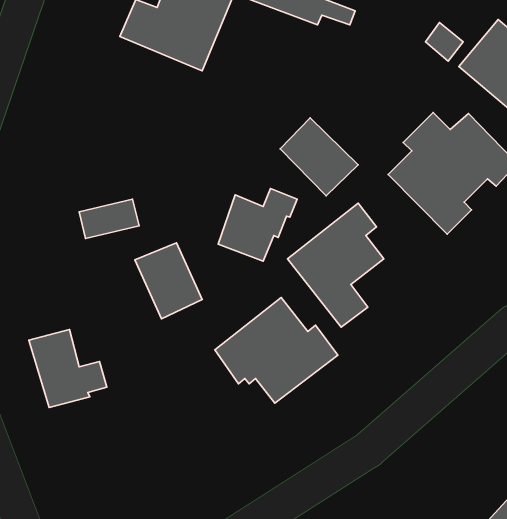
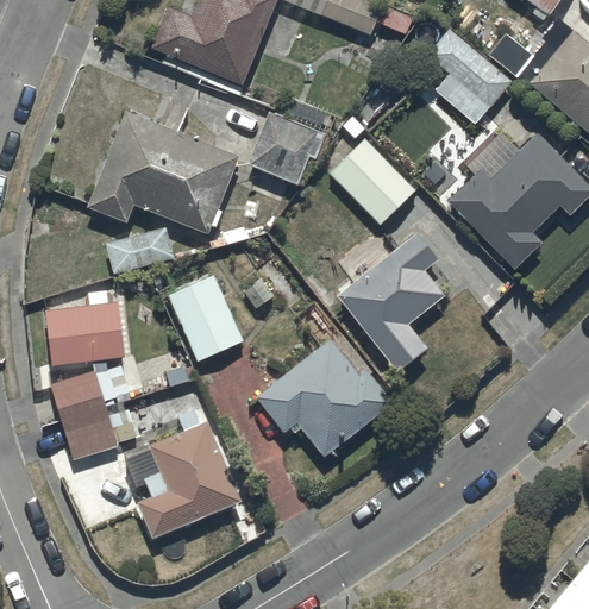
building: none -> [426,30,512,123]
building: none -> [87,111,239,232]
building: [218,188,297,261] -> [249,103,337,184]
building: none -> [45,291,123,371]
building: none -> [125,420,242,538]

